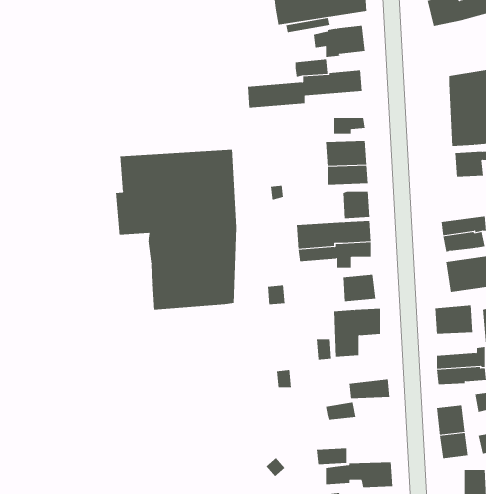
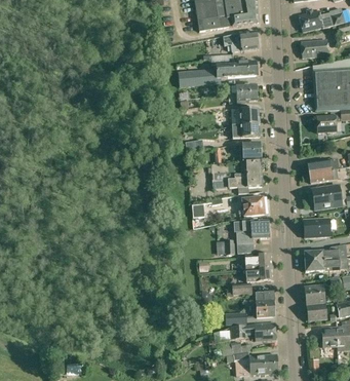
building: none -> [301,39,328,58]
building: [116,149,237,310] -> none
building: none -> [245,254,273,270]
building: none -> [256,291,275,316]

